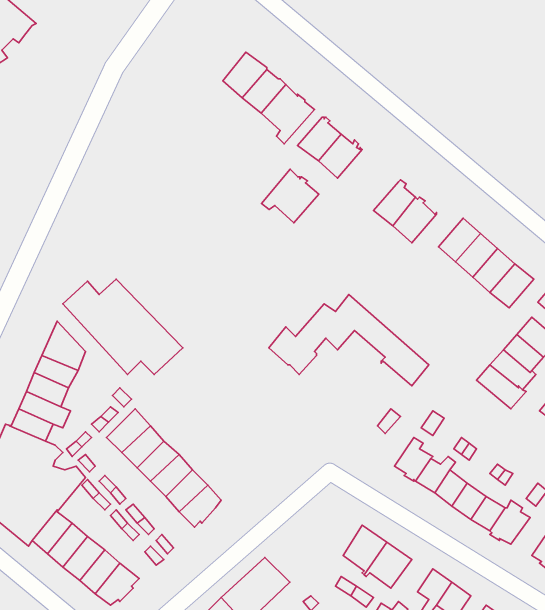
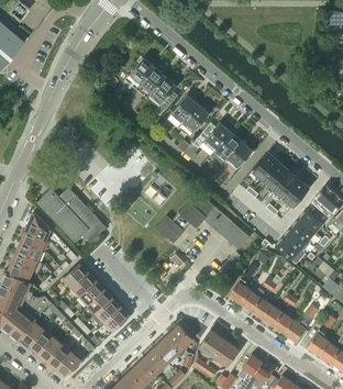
building: [262,169,319,223] -> [198,119,231,149]
building: none -> [154,325,192,364]

